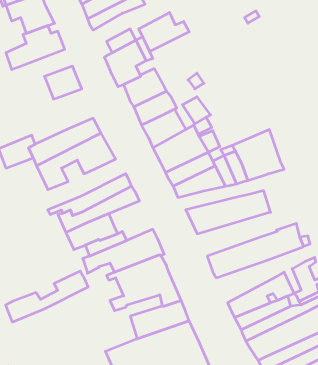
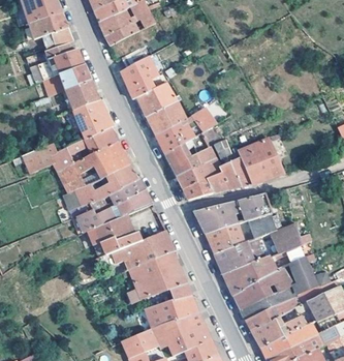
building: [139,12,189,51] -> none
building: none -> [43,64,91,96]
building: none -> [73,100,113,138]
building: none -> [205,213,278,253]
building: none -> [222,257,277,296]
building: [6,271,88,322] -> [62,164,137,211]

